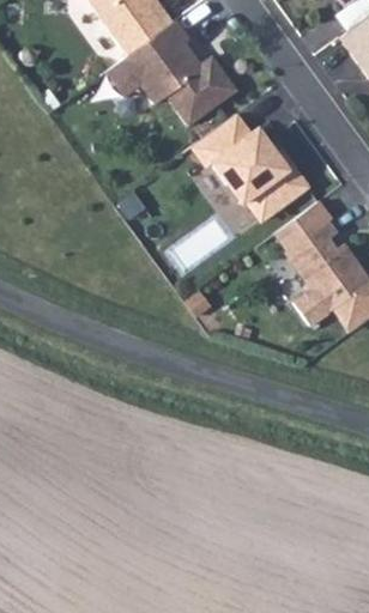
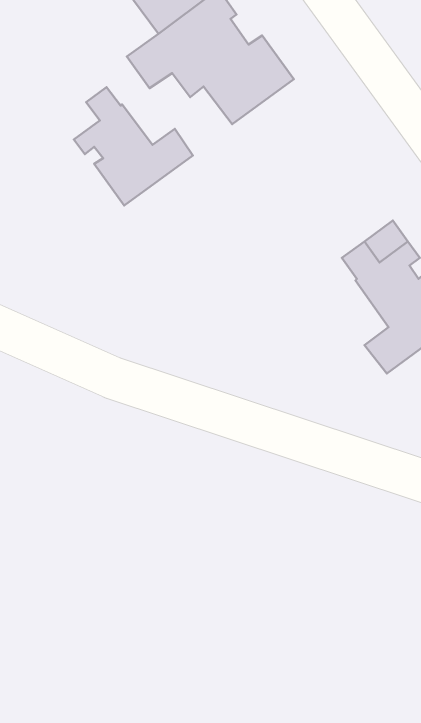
building: none -> [74,87,193,205]
building: [193,114,309,220] -> none

